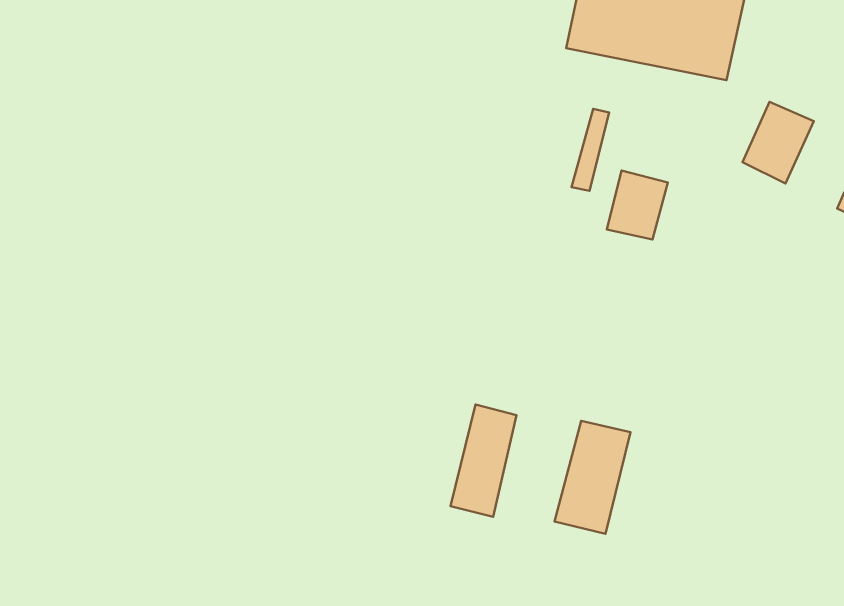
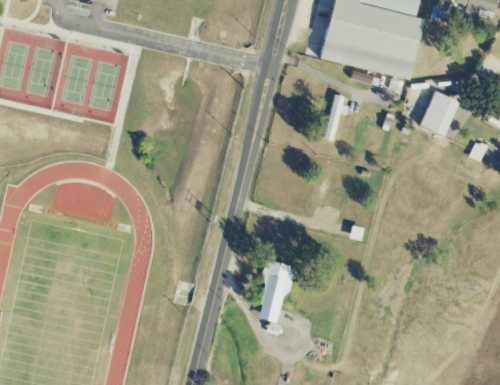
building: [607,170,668,240] -> none
building: [554,421,631,534] -> none

